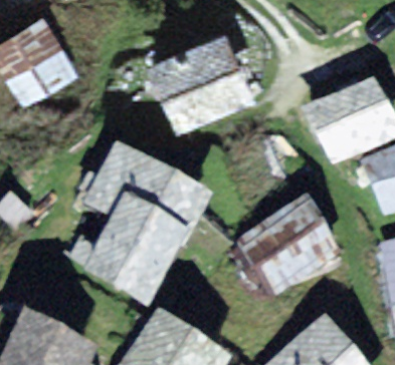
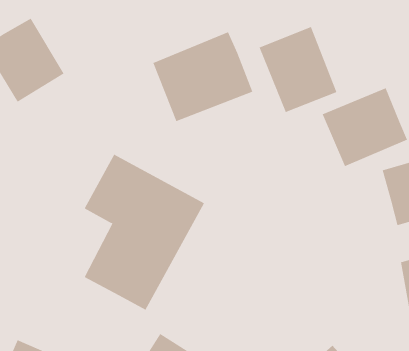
building: none -> [259,26,337,113]
building: [244,208,334,289] -> none

